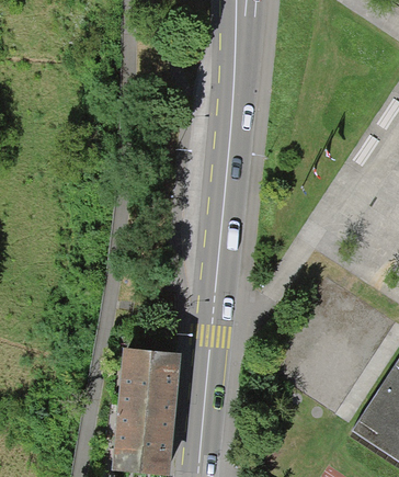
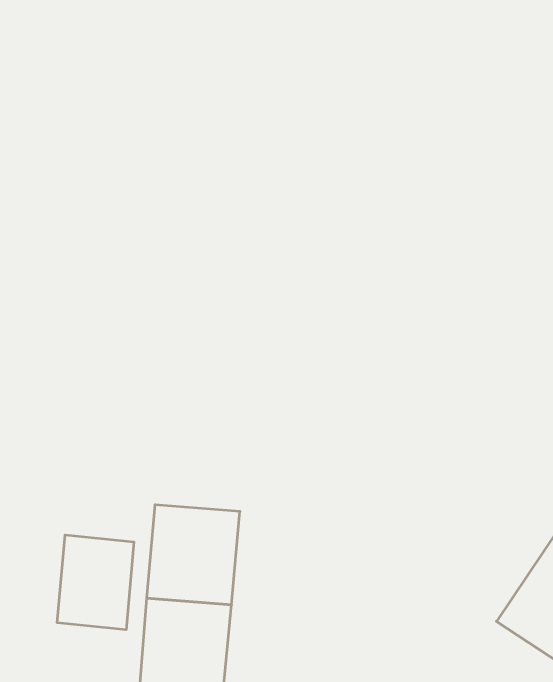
building: none -> [57,535,134,630]

